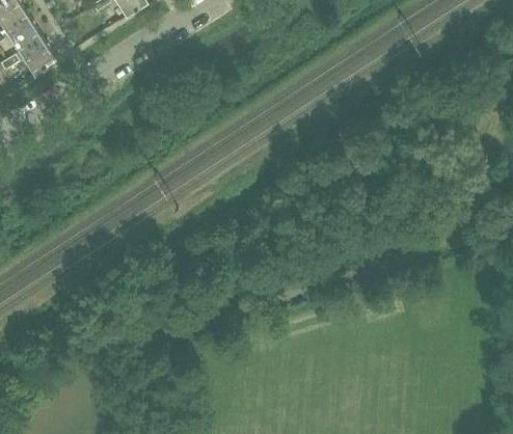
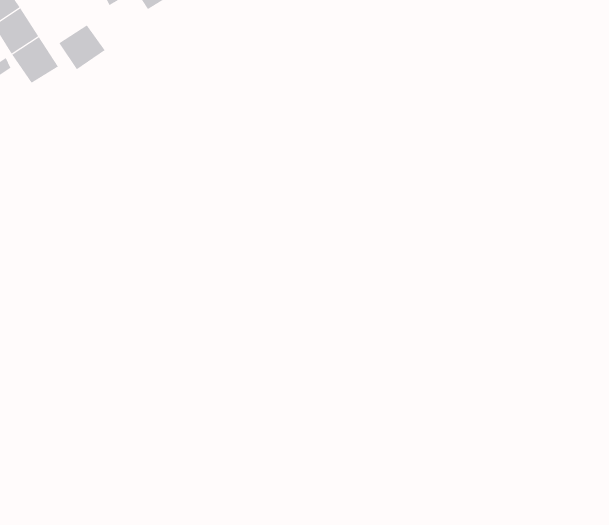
building: none -> [59,24,106,70]

